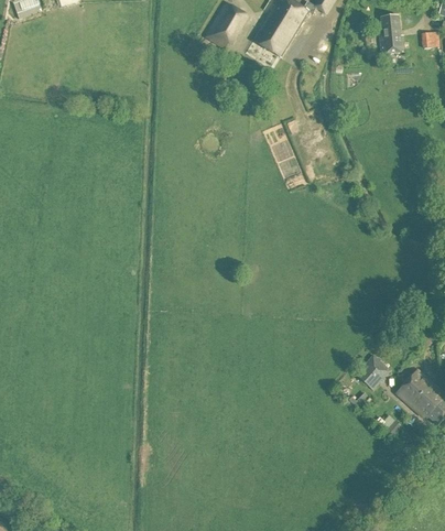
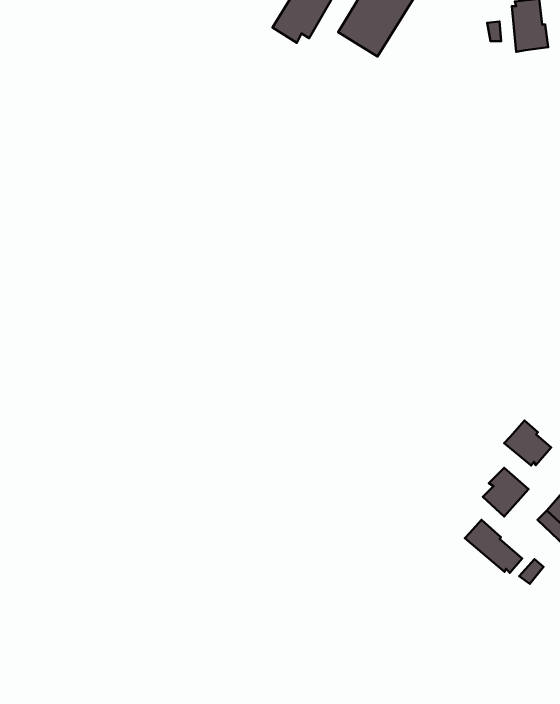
building: none -> [504,420,551,465]
building: none -> [465,520,522,573]

